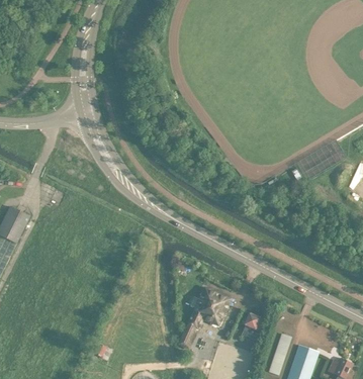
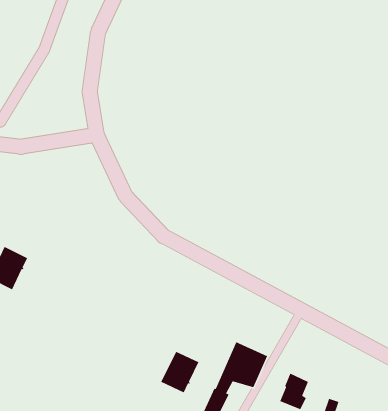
building: none -> [160,351,200,394]

